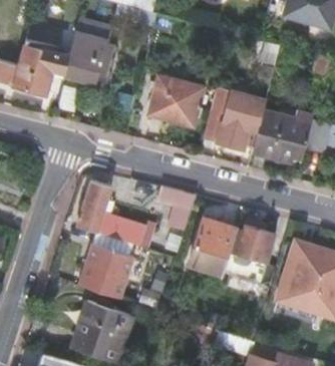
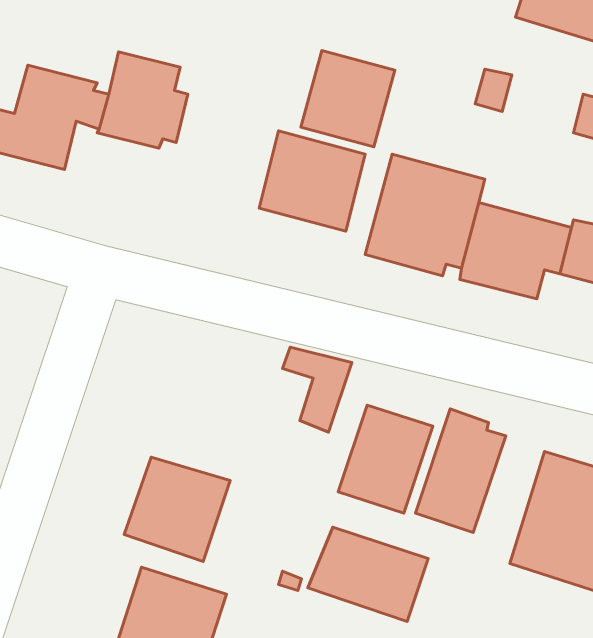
building: none -> [301,51,395,147]
building: [77,180,142,244] -> none
building: none -> [308,527,428,622]

